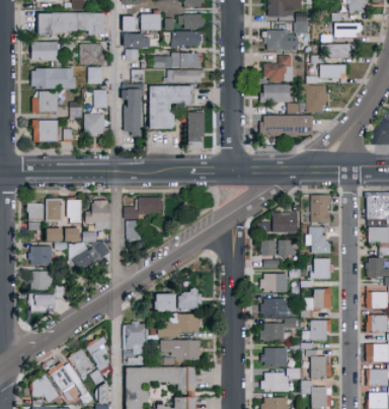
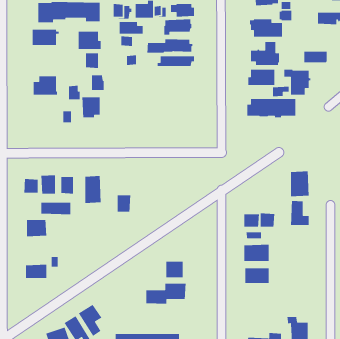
building: [324,45,358,59] -> none
building: [34,69,79,89] -> none
building: [125,85,147,138] -> none
building: [153,87,196,130] -> none
building: [191,112,208,148] -> none
building: [35,121,63,143] -> none
building: [123,196,159,218] -> none
building: [270,211,297,231] -> none
building: [67,231,106,262] -> none
building: [310,257,328,278] -> none
building: [29,270,51,289] -> none
building: [305,288,330,309] -> none
building: [151,293,171,312] -> none
building: [260,317,295,339] -> none
building: [303,319,328,339] -> none
building: [124,322,143,364] -> none
building: [158,339,198,359] -> none
building: [260,346,287,365] -> none

